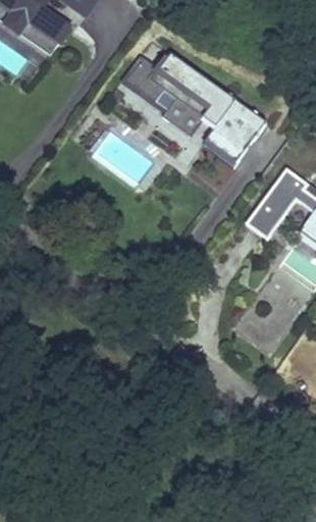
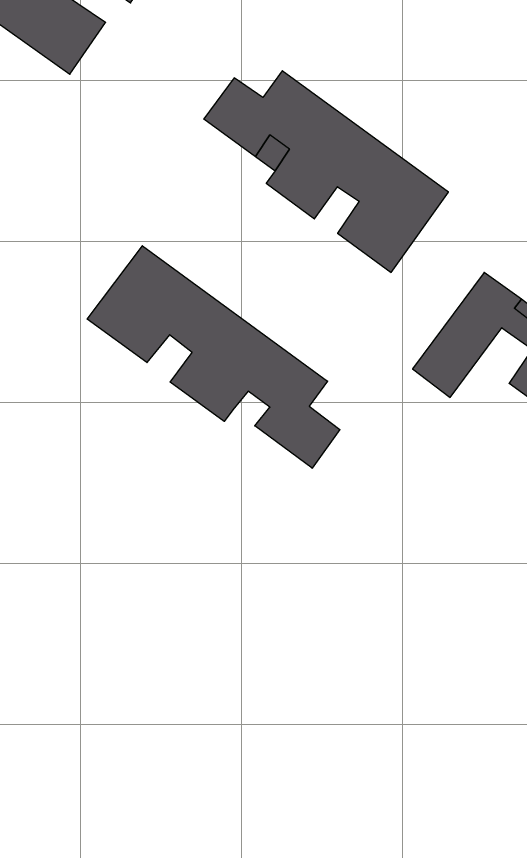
building: none -> [87,246,340,468]

